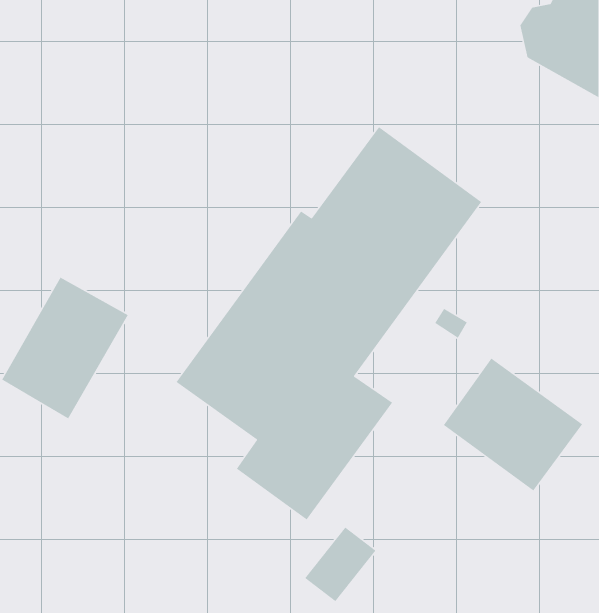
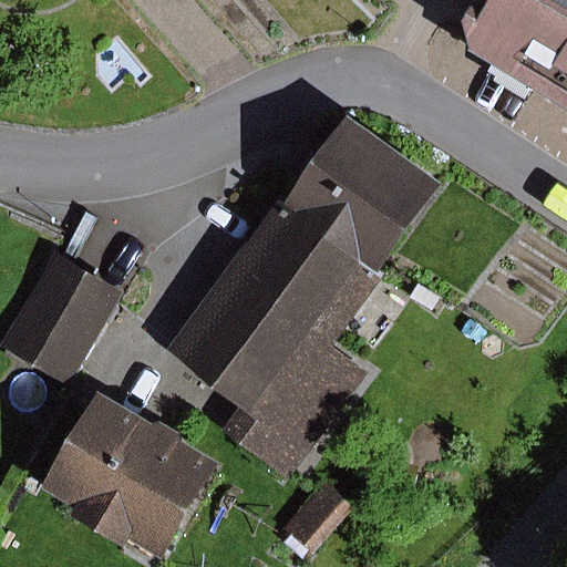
building: [443,357,583,491] -> none
building: none -> [45,392,223,559]

